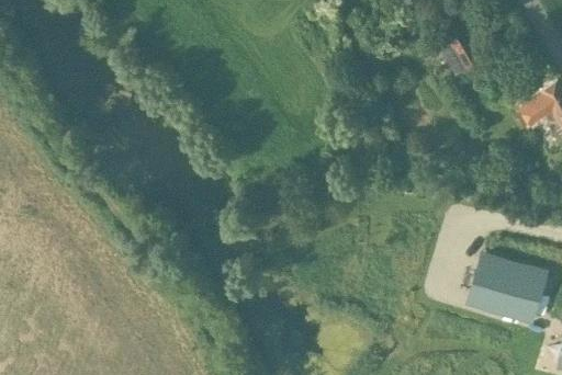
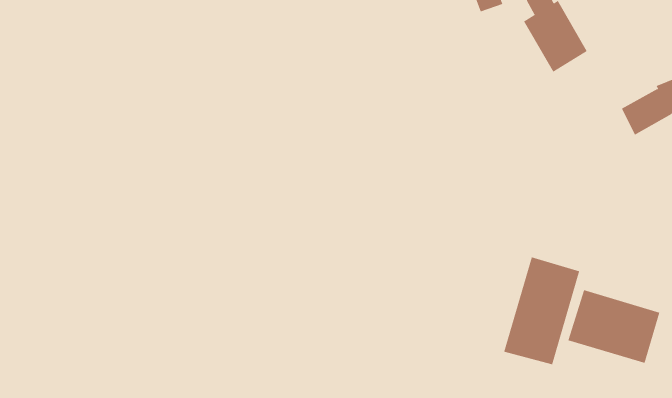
building: none -> [503,256,580,365]

